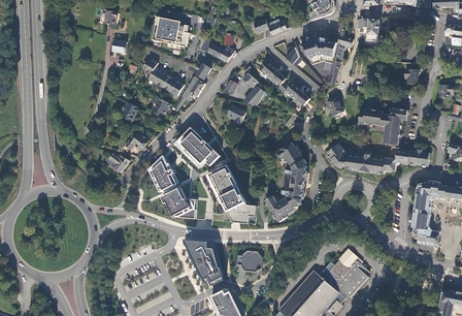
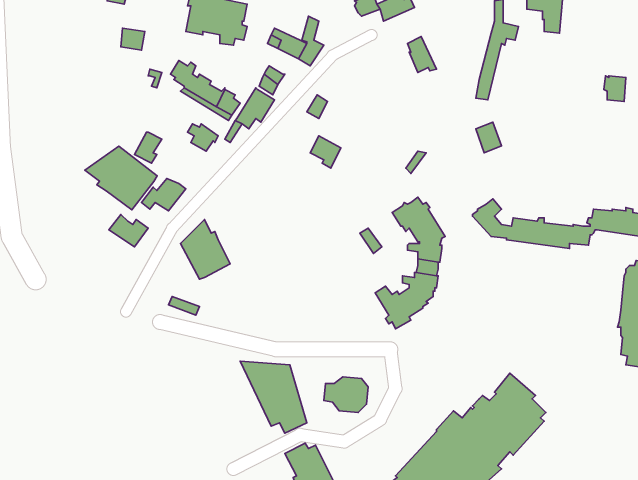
building: [300,37,335,70] -> none
building: [259,63,308,105] -> none
building: [238,68,265,104] -> none
building: [357,105,405,145] -> none
building: none -> [85,146,157,210]
building: [174,127,219,168] -> none
building: [206,164,256,223] -> none
building: [162,188,197,219] -> none

